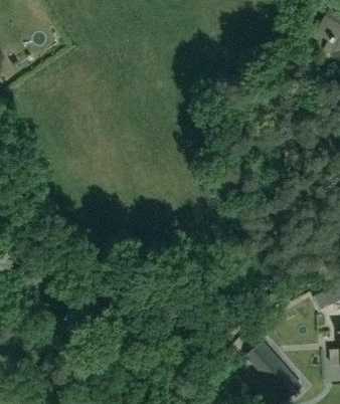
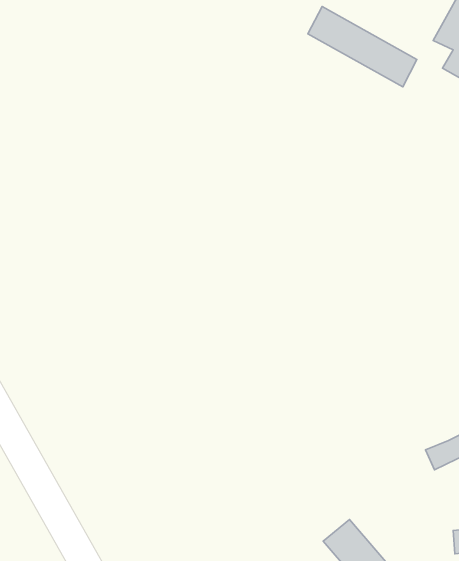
building: none -> [308,7,417,87]

